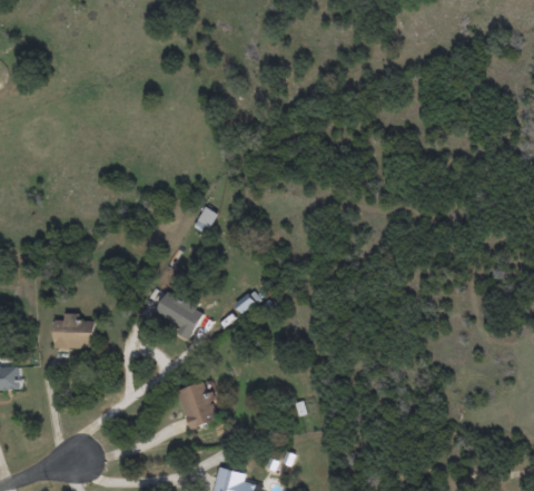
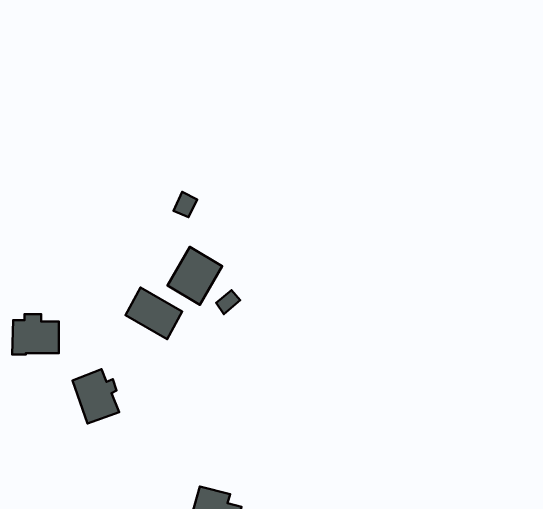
building: none -> [168,247,222,305]
building: [176,381,217,429] -> [72,369,119,423]

